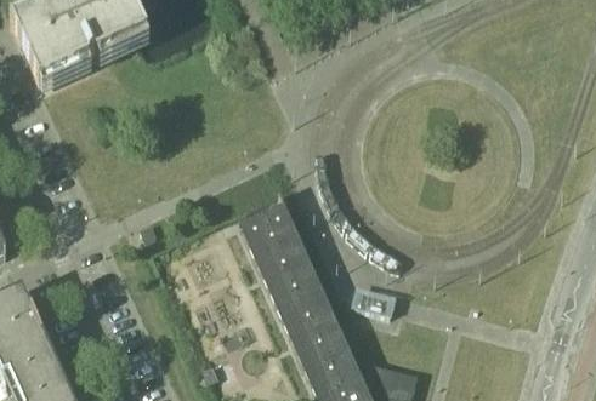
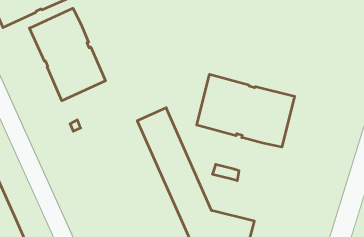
building: none -> [29,8,105,101]
building: none -> [197,74,295,147]

